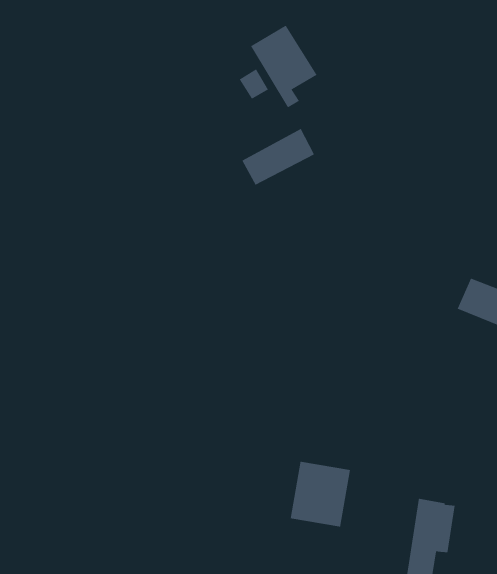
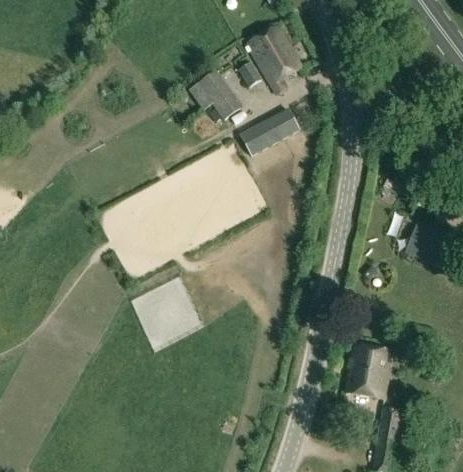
building: none -> [198,71,233,108]
building: [290,461,351,527] -> [343,344,392,397]

